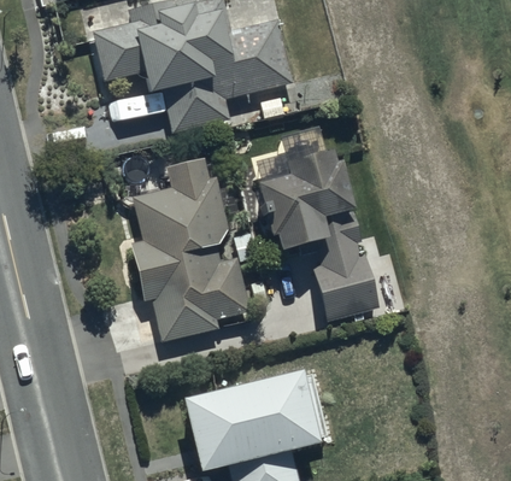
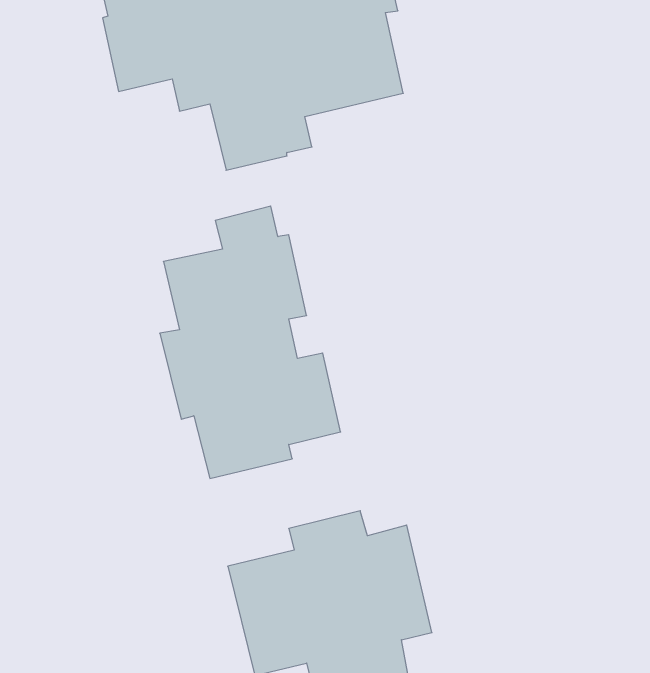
building: [252,152,380,321] -> none

